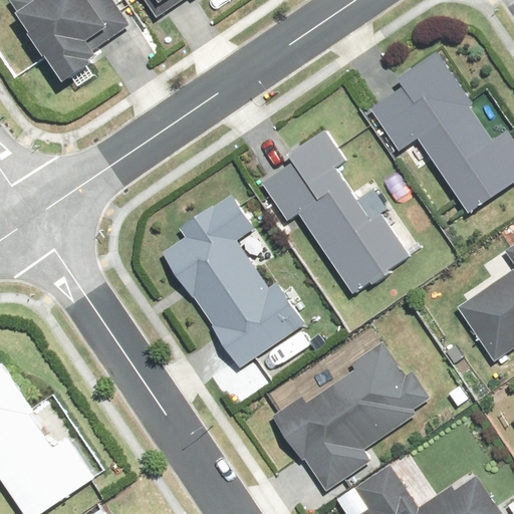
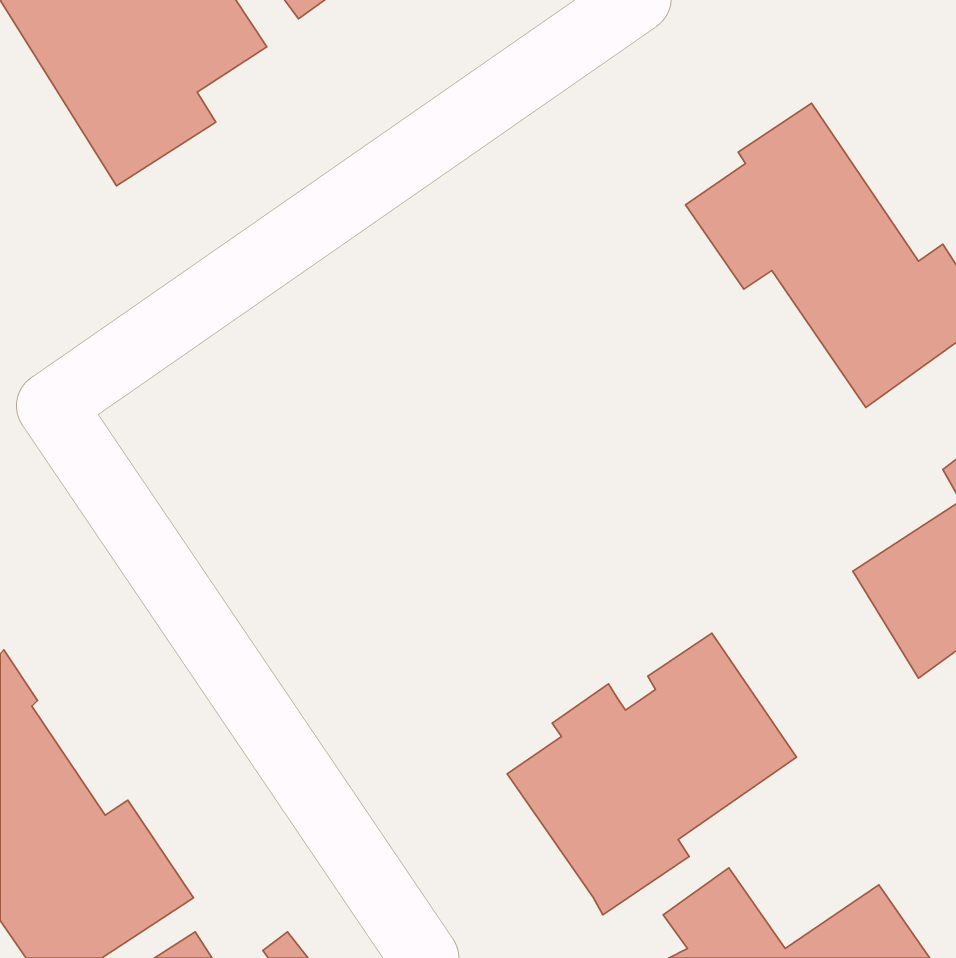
building: [264,128,410,295] -> none
building: [164,197,306,368] -> none

